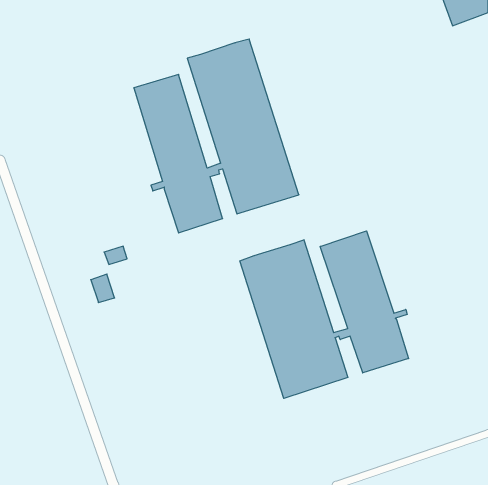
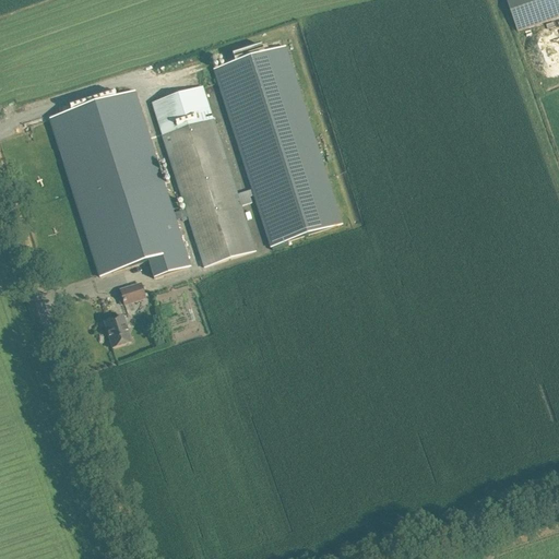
building: none -> [49,87,189,276]
building: [240,231,409,398] -> none

